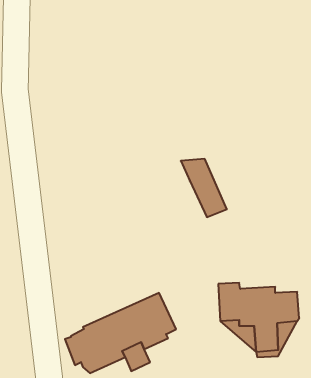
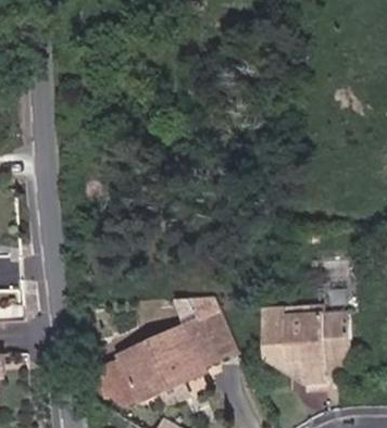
building: [181,159,227,217] -> [188,295,238,358]

